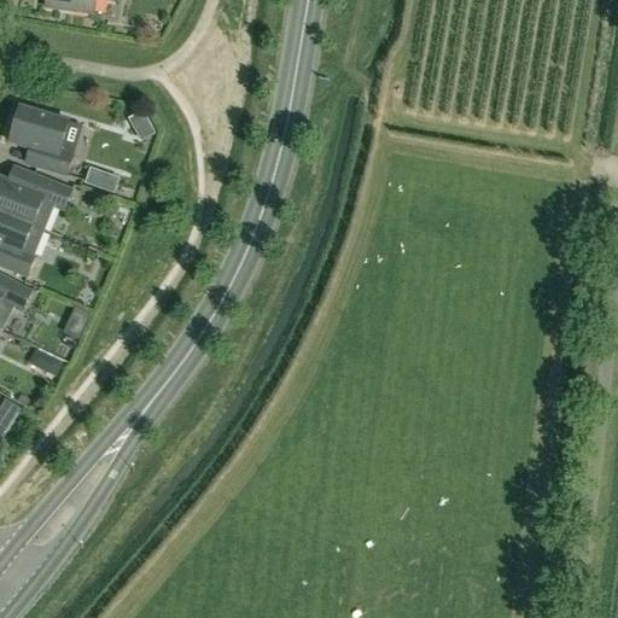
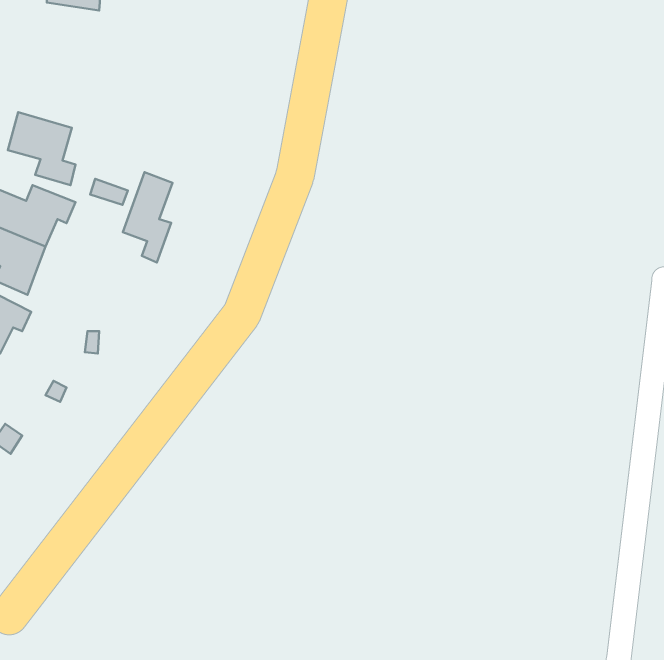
building: none -> [123,172,172,262]

